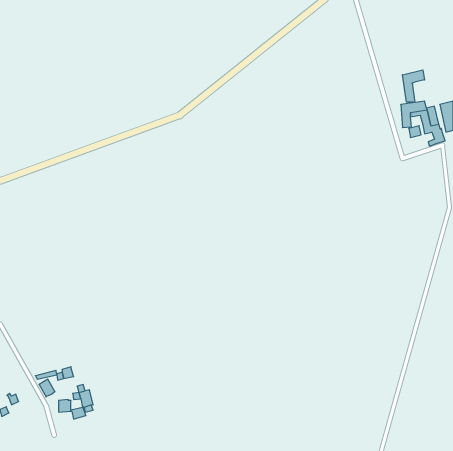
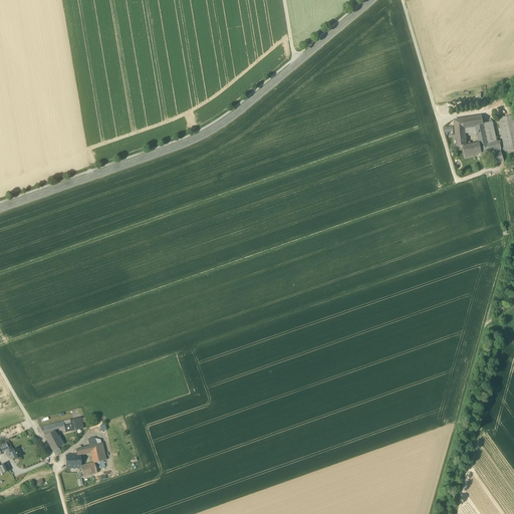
building: [402,70,425,102] -> none

